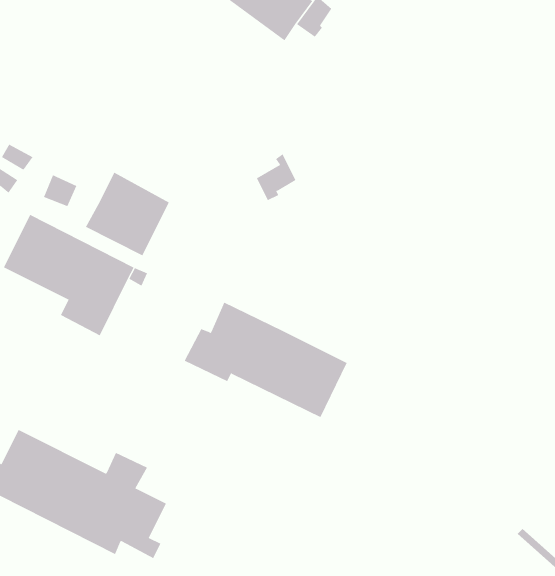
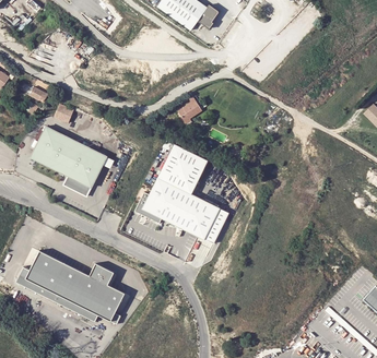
building: [85,172,170,256] -> none
building: none -> [157,144,208,193]

